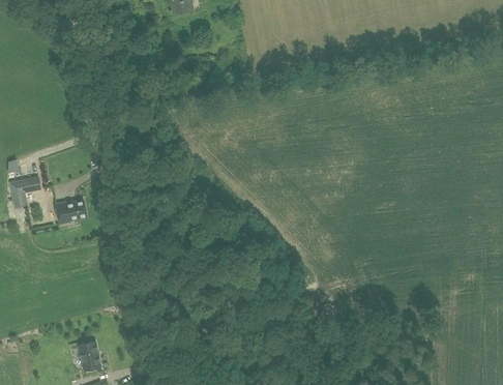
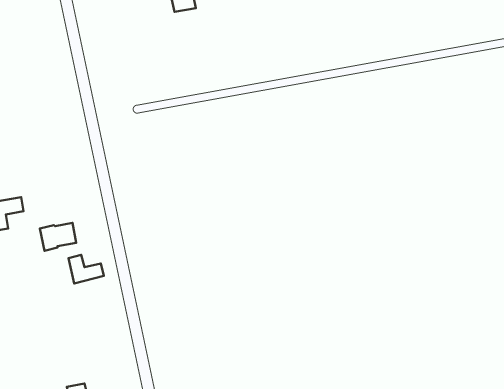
building: none -> [69,255,104,283]

